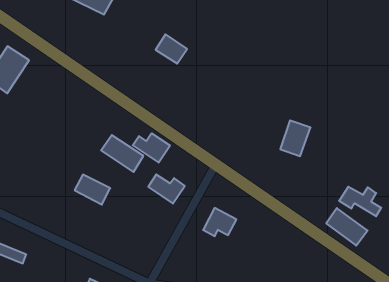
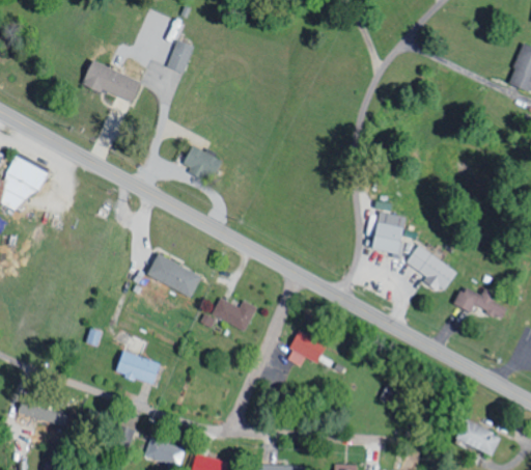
building: [156,34,187,64] -> [183,144,222,179]
building: [133,133,170,163] -> none
building: [75,175,110,205] -> [116,351,161,386]
building: [326,208,368,246] -> [404,246,457,291]

